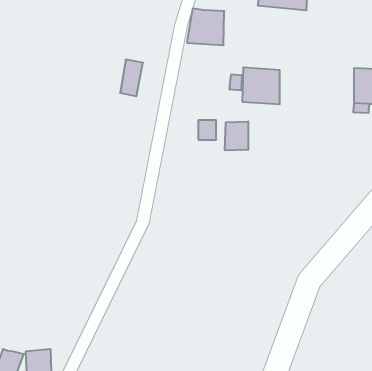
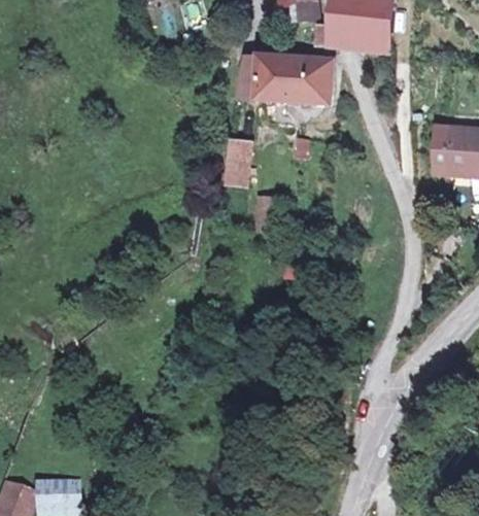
building: [120,60,143,96] -> [221,128,250,174]
building: [242,68,280,104] -> [284,56,332,102]
building: [225,121,248,150] -> none

